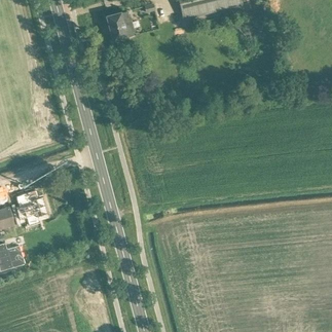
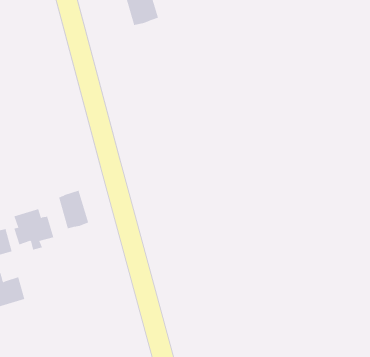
building: none -> [58,190,89,229]

